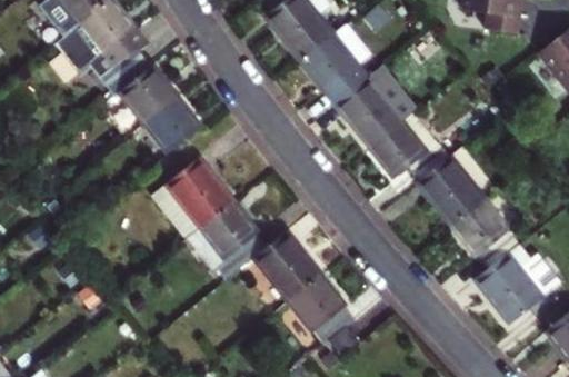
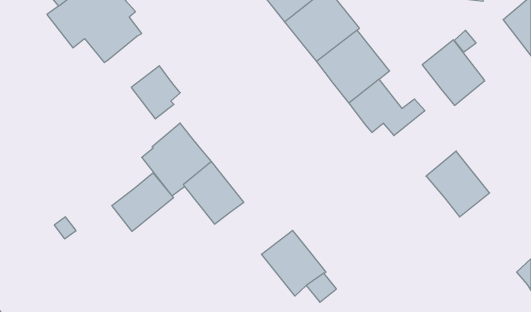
building: [117,73,171,128] -> none
building: [421,152,488,222] -> [422,40,485,105]
building: none -> [112,173,173,231]
building: [246,237,313,306] -> none
building: [479,240,559,319] -> none

